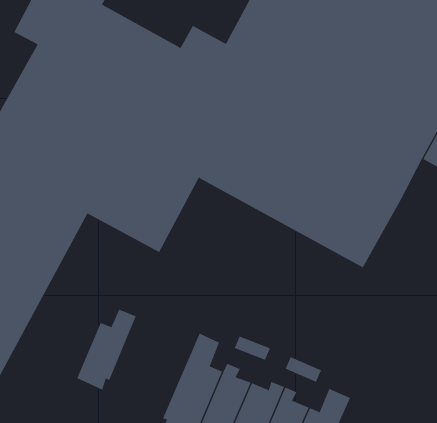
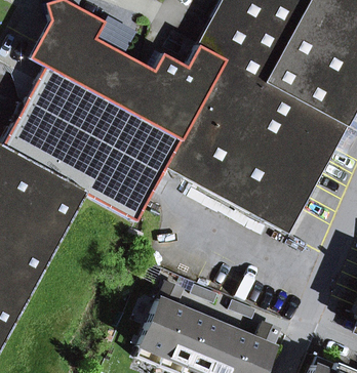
building: [77,309,137,390] -> none

